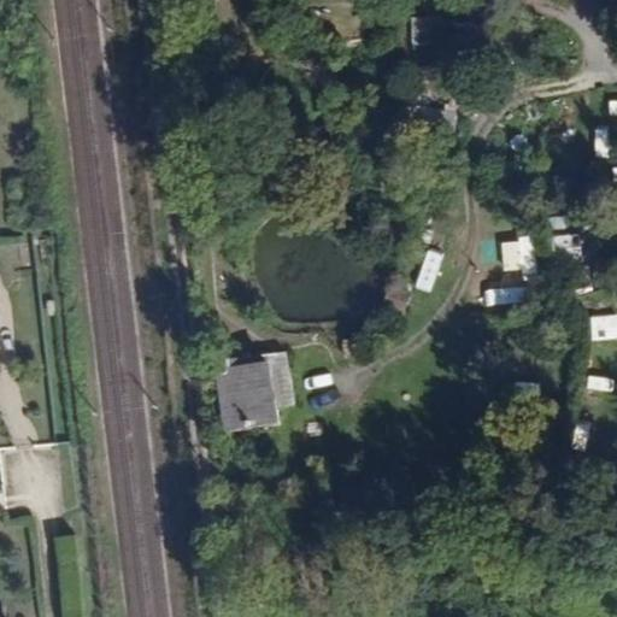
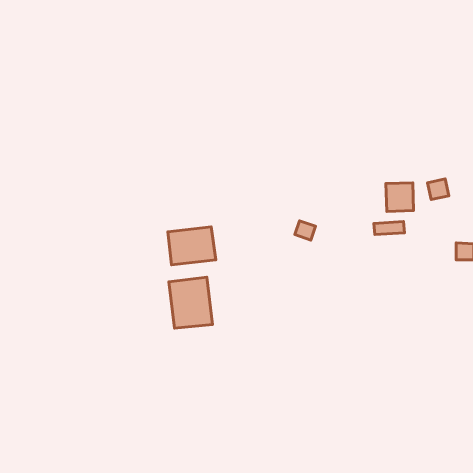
building: none -> [168,227,216,265]

